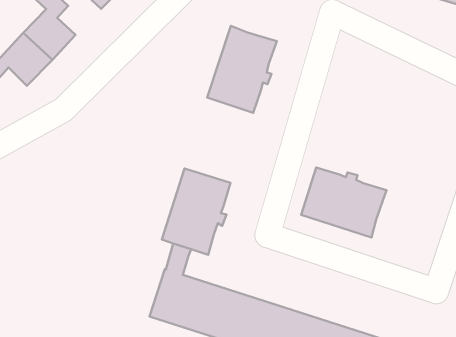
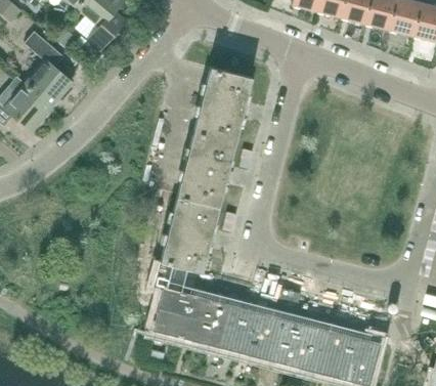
building: none -> [176,130,234,205]
building: [301,167,387,238] -> none

